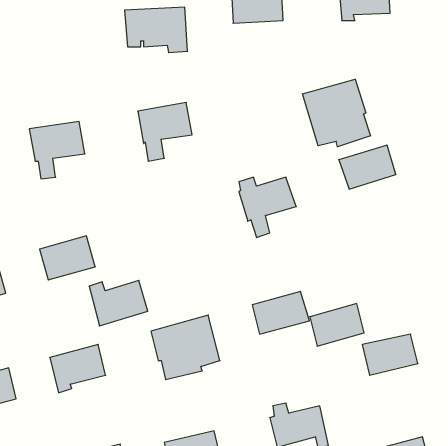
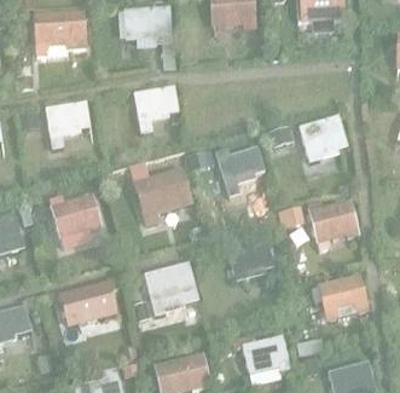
building: none -> [35,15,77,47]
building: [303,79,370,147] -> none
building: [89,280,148,326] -> [134,173,182,210]
building: [310,304,364,346] -> [311,203,355,238]

